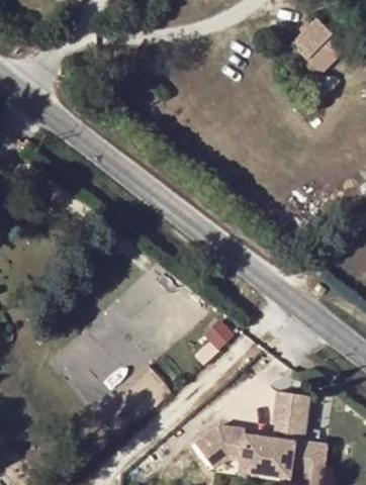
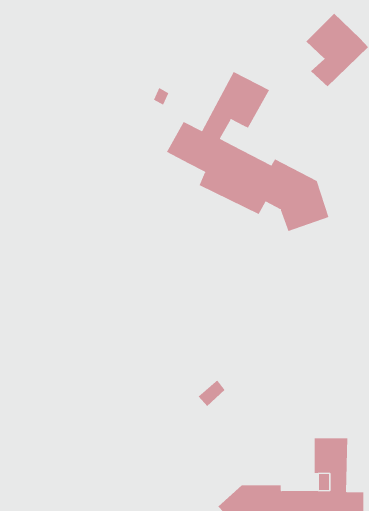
building: none -> [166,71,329,232]

